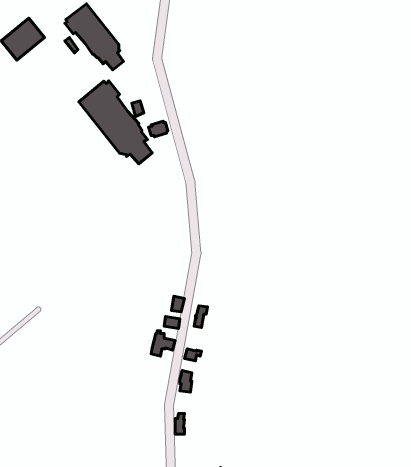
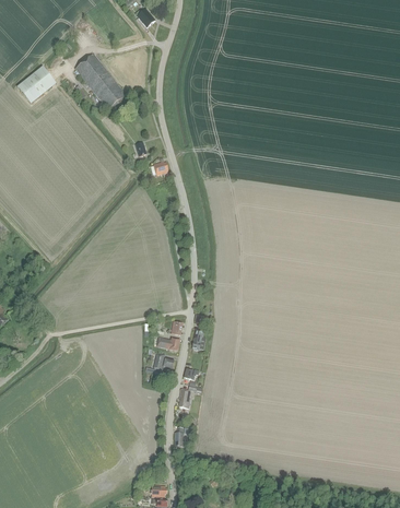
building: [79,81,152,164] -> none

